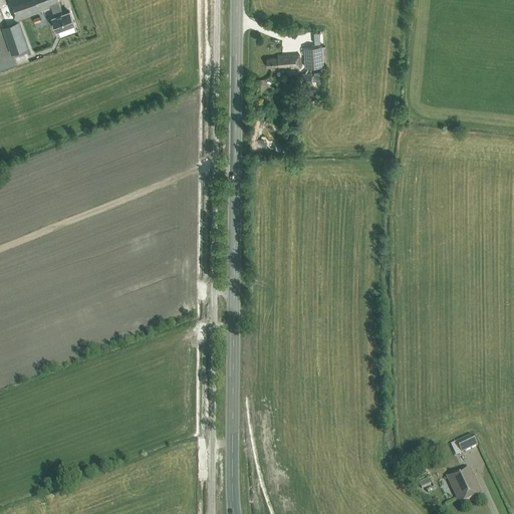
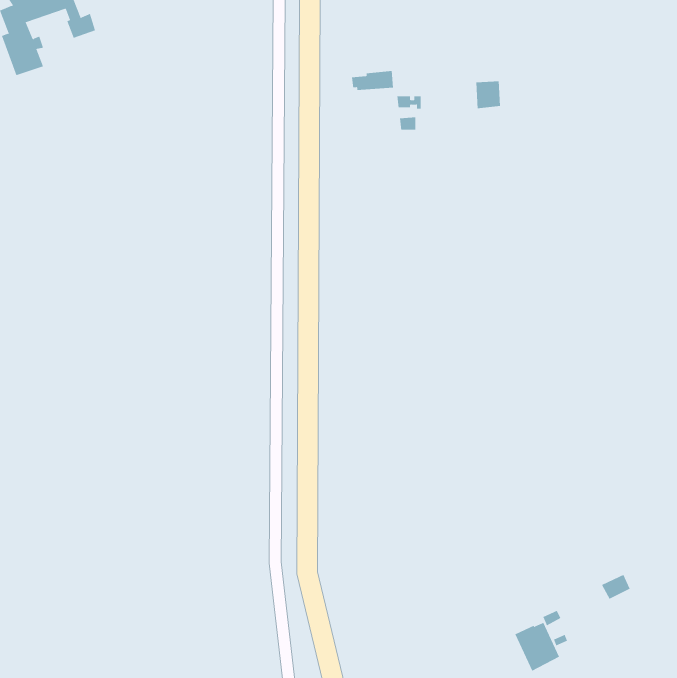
building: [302,45,321,66] -> [475,81,501,109]
building: [445,467,479,504] -> [515,622,560,671]

